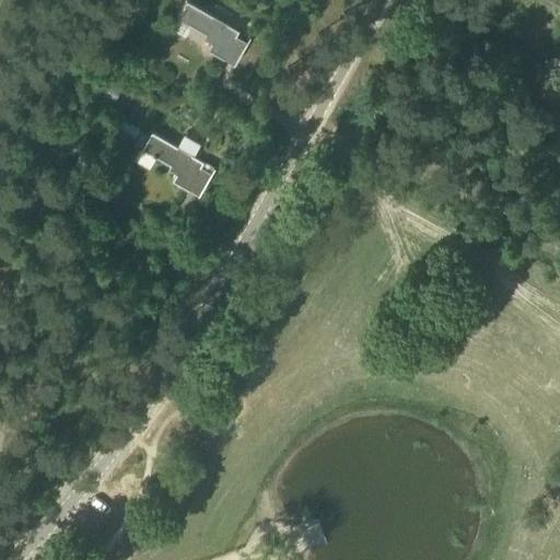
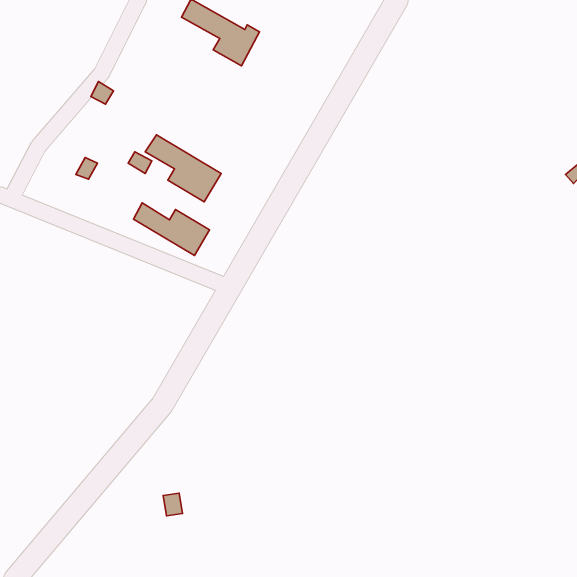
building: none -> [134,203,209,255]

